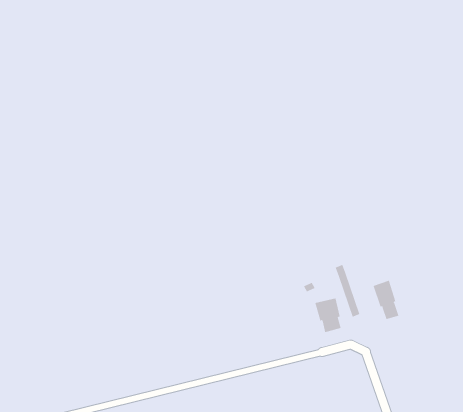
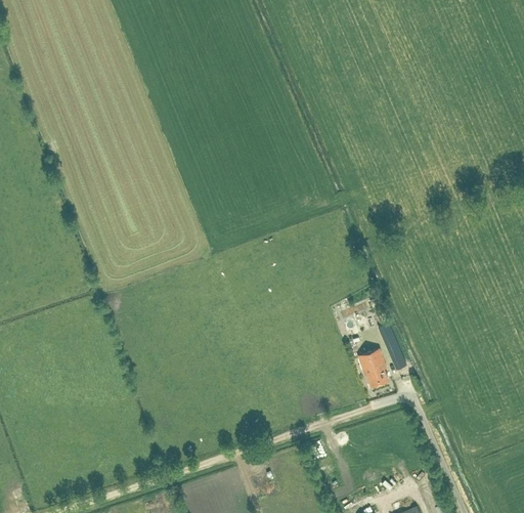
building: [373,280,399,320] -> none

